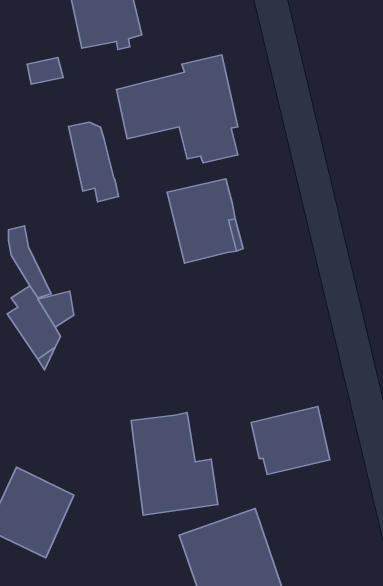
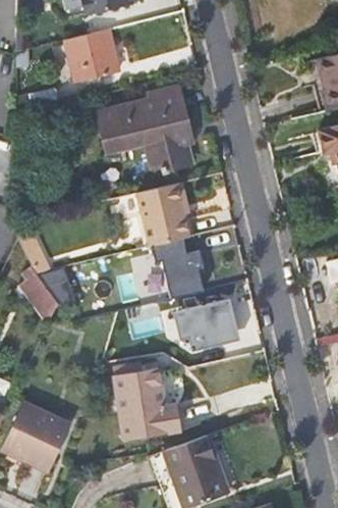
building: [69,122,119,202] -> none
building: none -> [152,239,205,299]
building: [251,407,330,475] -> [179,298,239,350]

